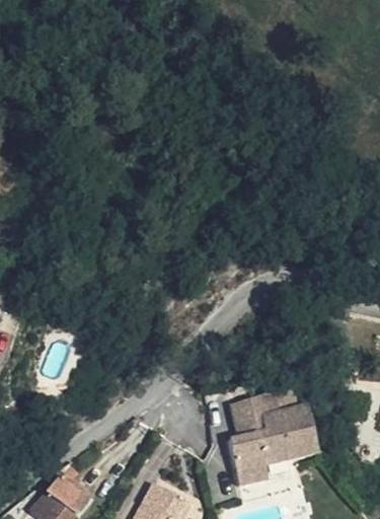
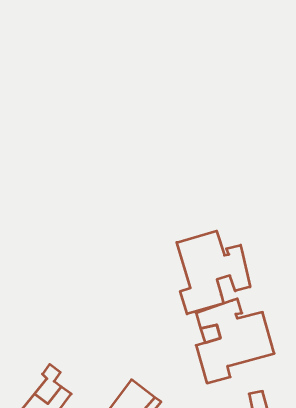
building: none -> [177,231,250,314]

